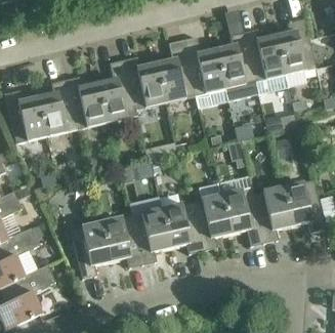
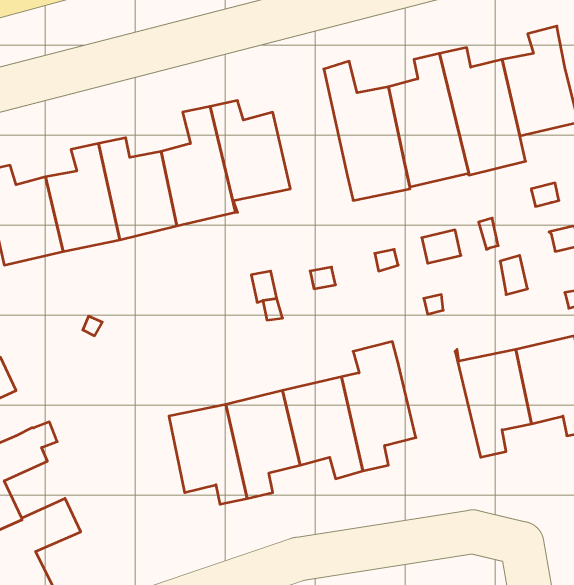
building: [156,40,195,102] -> none
building: [218,175,264,246] -> none
building: [70,221,110,279] -> none

